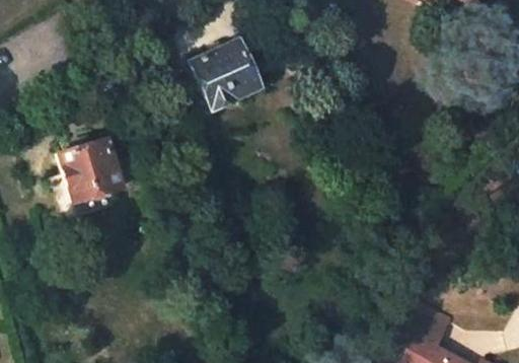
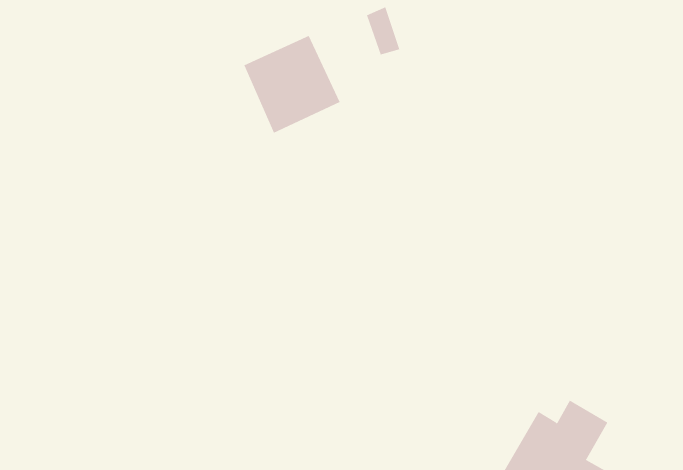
building: [60,139,124,205] -> none

